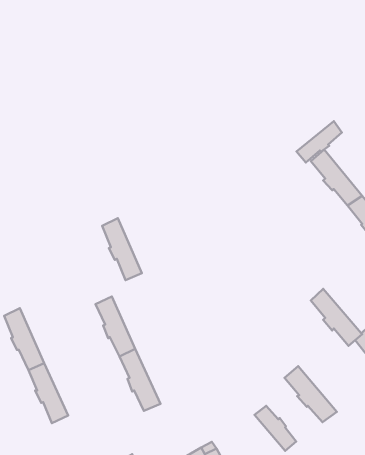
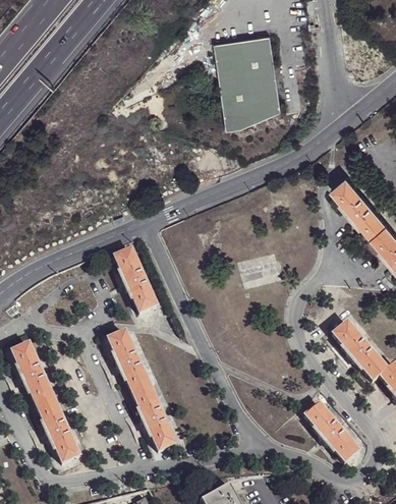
building: none -> [219,33,284,126]
building: [297,121,342,162] -> none
building: [254,406,296,451] -> none

